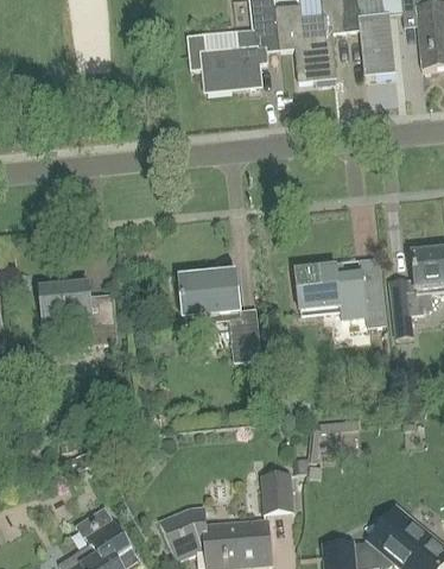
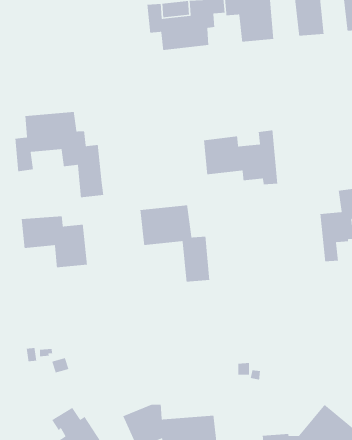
building: none -> [14,111,104,198]
building: [296,259,383,324] -> [203,130,278,185]
building: [260,473,294,513] -> none

